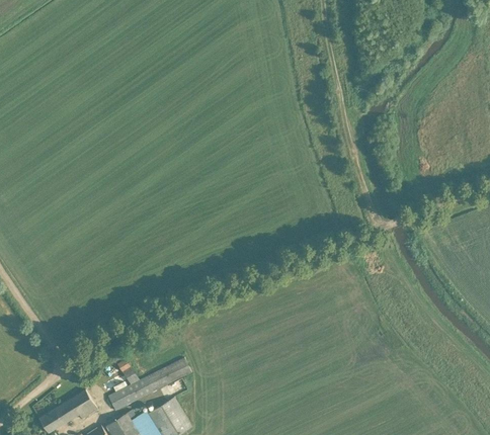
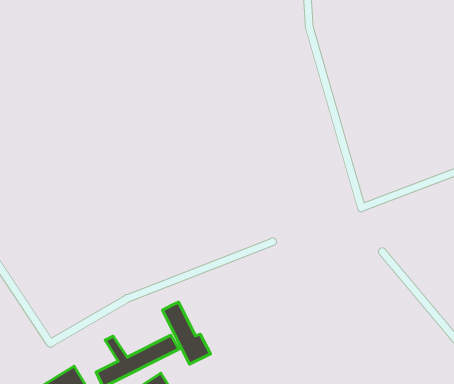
building: none -> [163,302,210,364]

